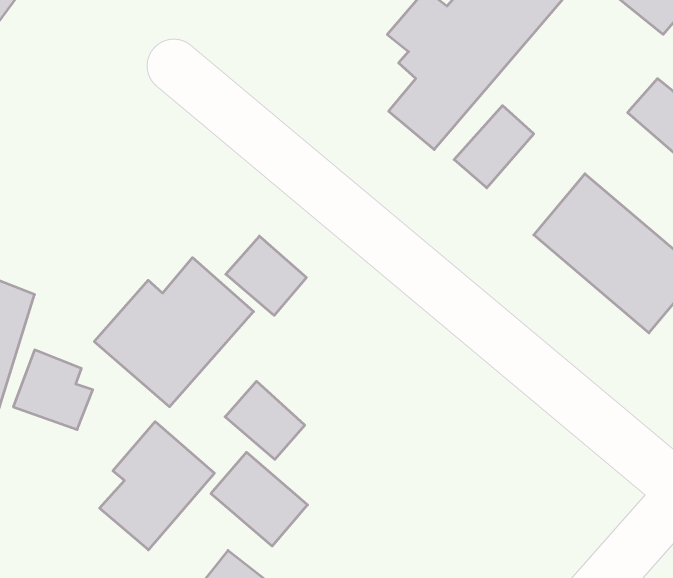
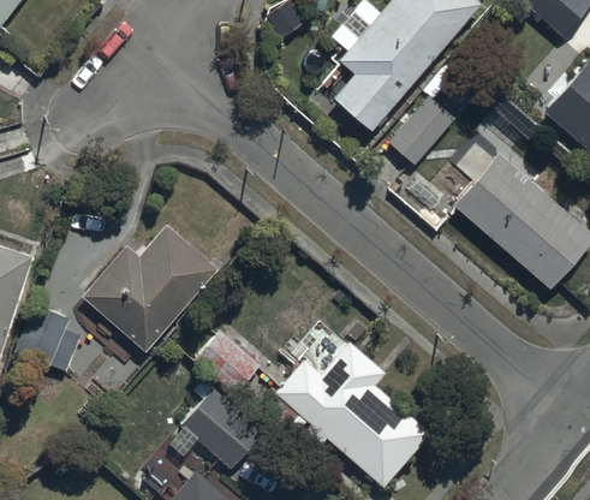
building: [226,236,306,315] -> none
building: none -> [273,341,430,488]
building: [100,422,214,550] -> none

